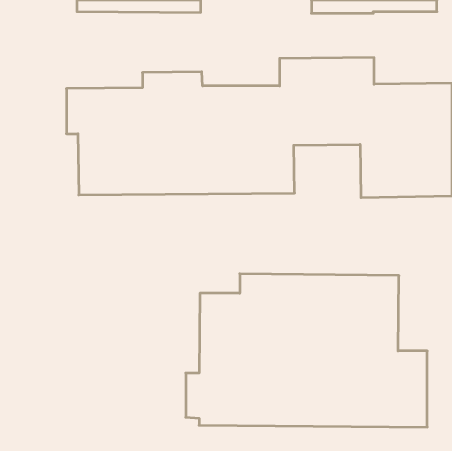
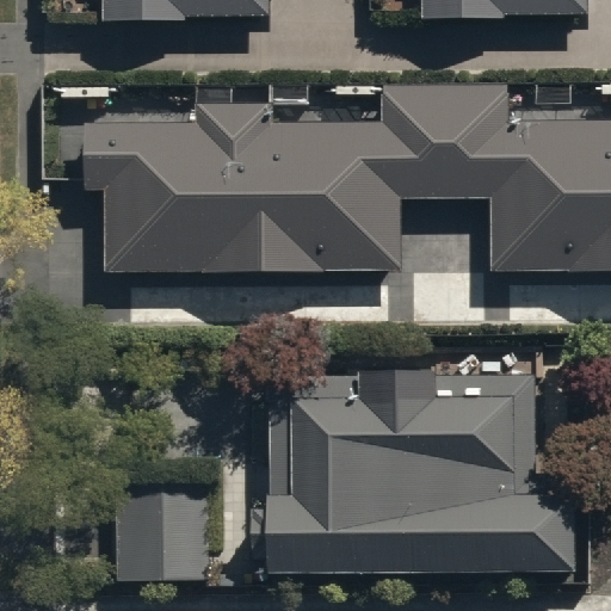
building: none -> [117,483,209,580]

